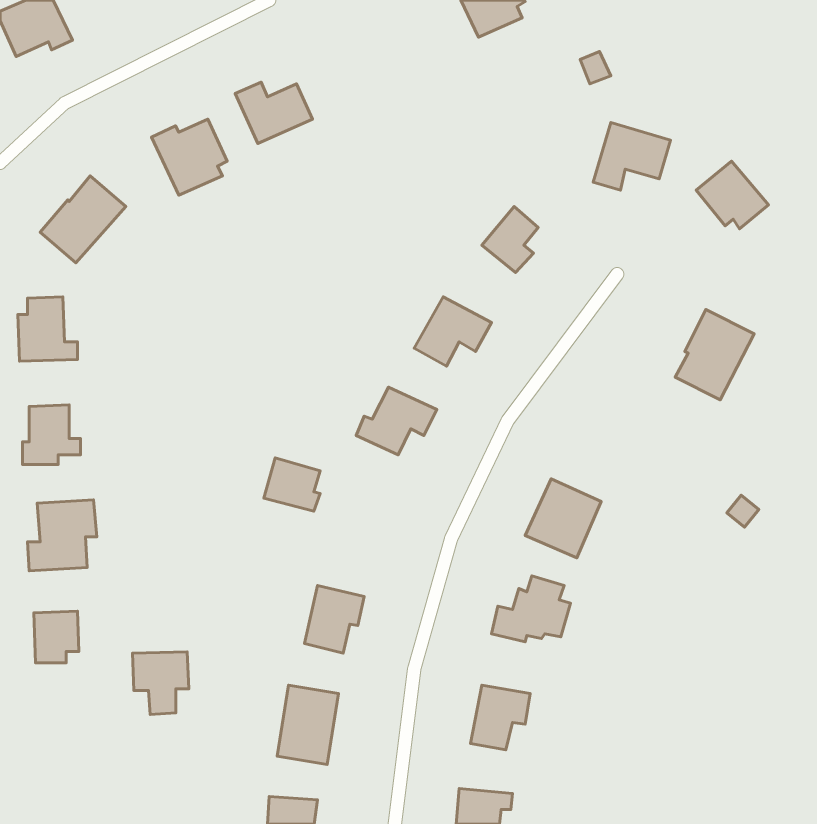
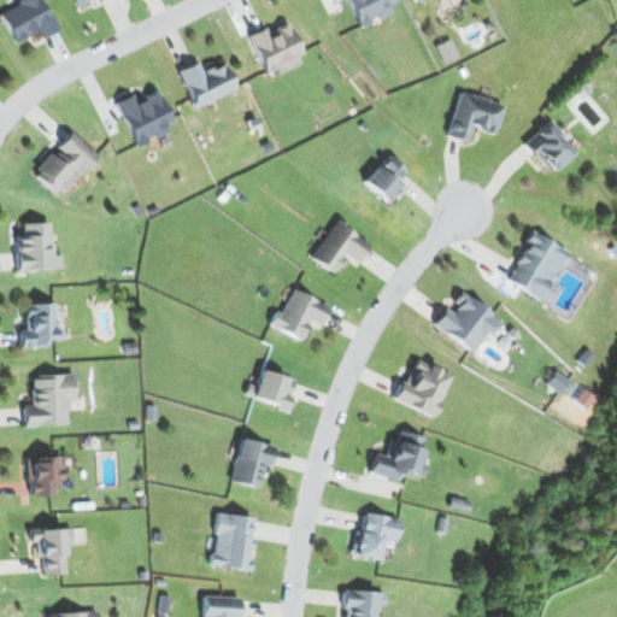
building: none -> [251,23,307,74]
building: none -> [435,293,500,353]
building: [264,458,320,511] -> [254,370,296,410]
building: [132,652,189,715] -> [31,528,74,575]

